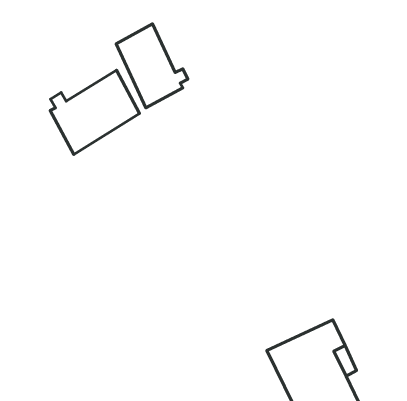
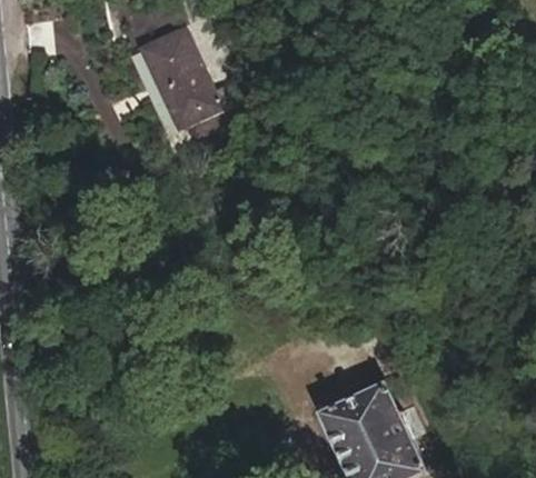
building: [50,70,139,154] -> none

